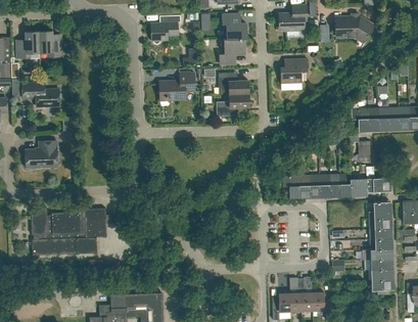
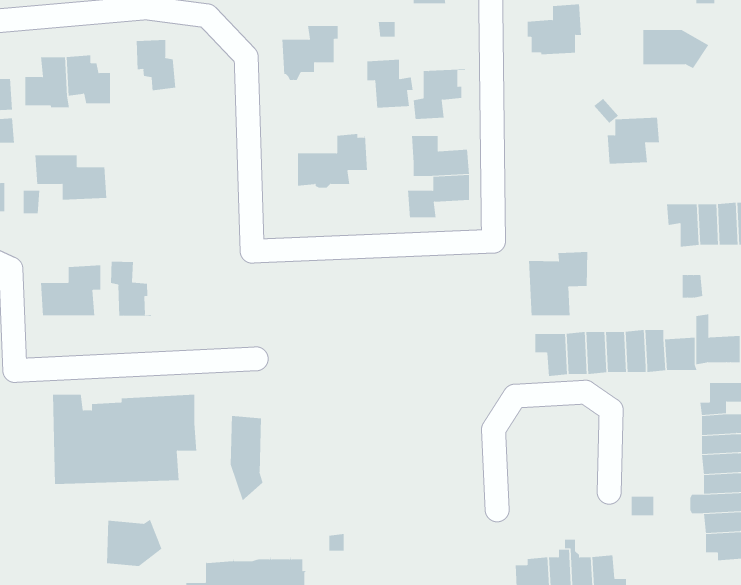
building: [222,13,246,39] -> [367,59,414,108]
building: none -> [136,39,176,91]
building: [280,58,308,83] -> [607,117,660,164]
building: none -> [528,251,588,316]
building: none -> [110,261,151,317]
building: none -> [230,415,263,501]
building: none -> [107,519,162,567]

